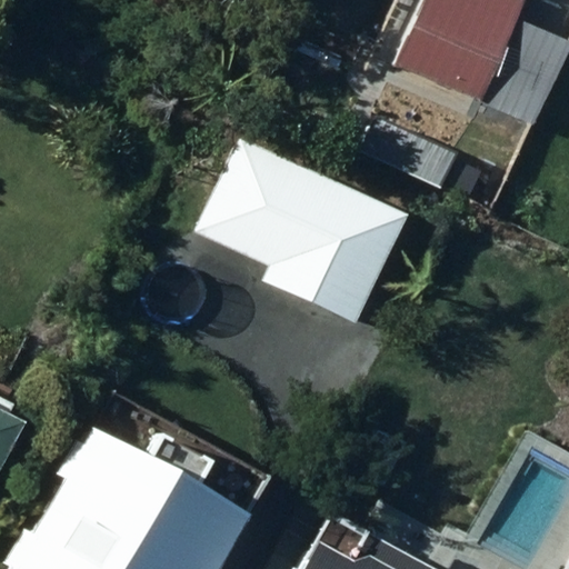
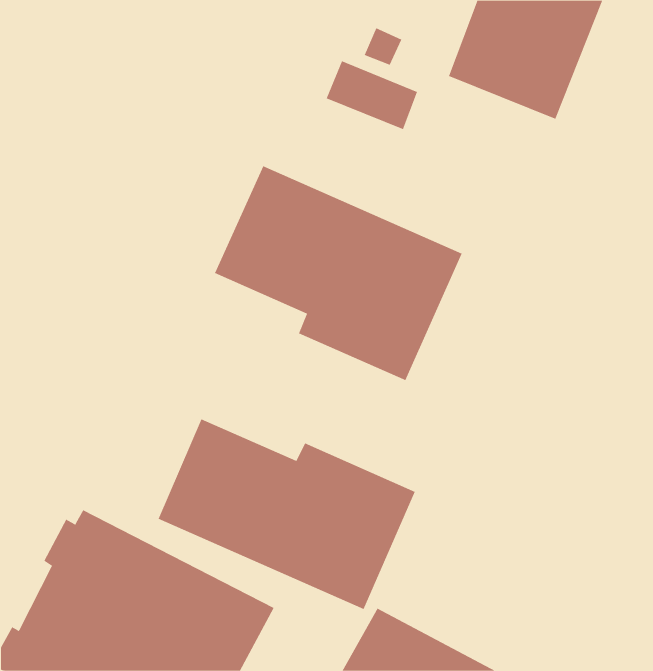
building: none -> [158,418,416,610]

